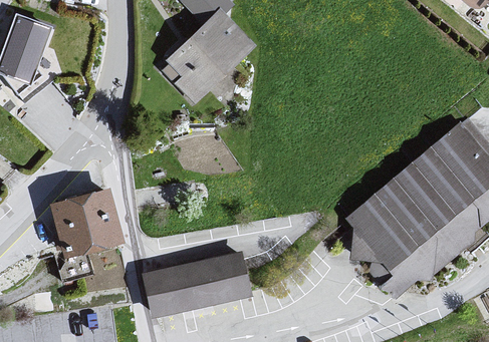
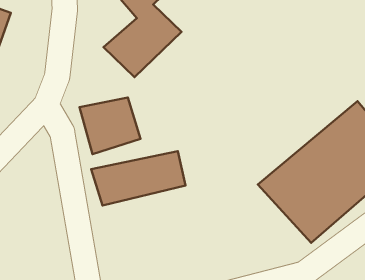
building: [52,194,124,260] -> [80,98,141,154]
building: [139,253,249,316] -> [91,151,186,205]

